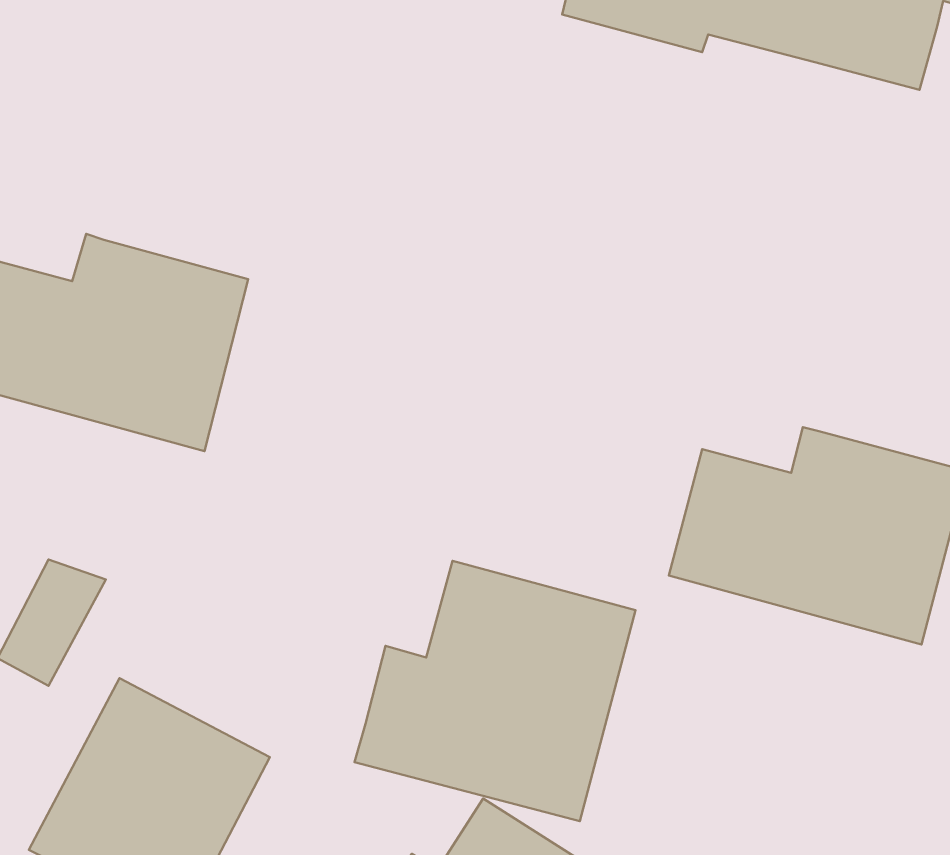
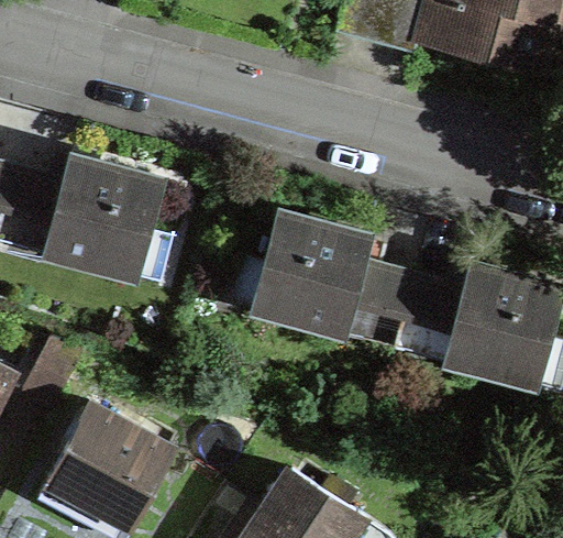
building: none -> [255,211,416,345]
building: [355,561,636,821] -> none

